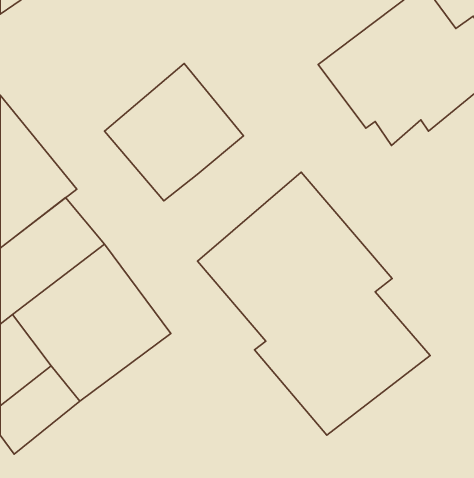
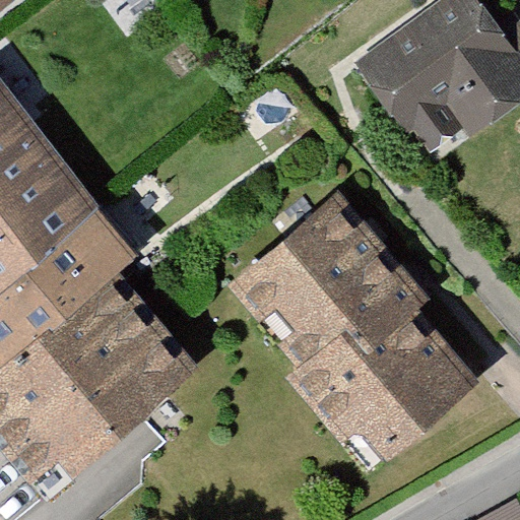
building: [104,64,244,201] -> none

